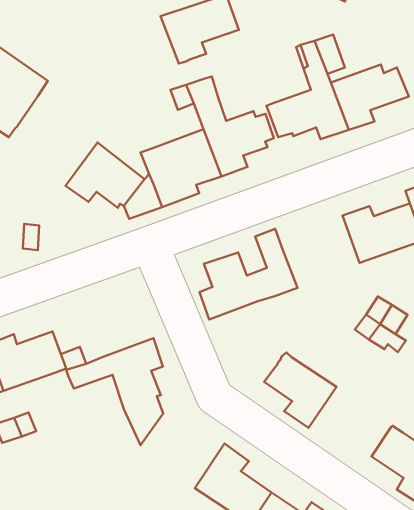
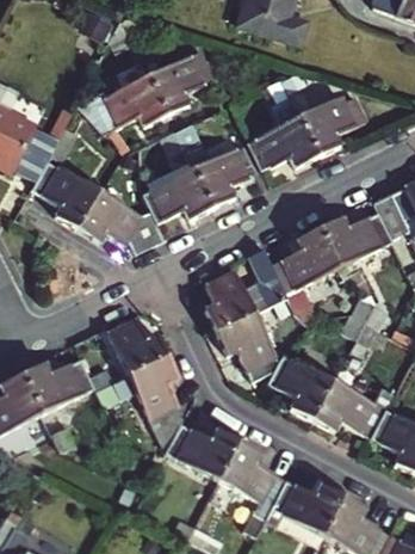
building: none -> [73,73,163,133]
building: none -> [27,154,100,229]
building: none -> [271,229,339,333]
building: none -> [106,318,167,374]
building: none -> [213,312,278,381]
building: none -> [310,378,391,436]
building: none -> [165,420,239,480]

